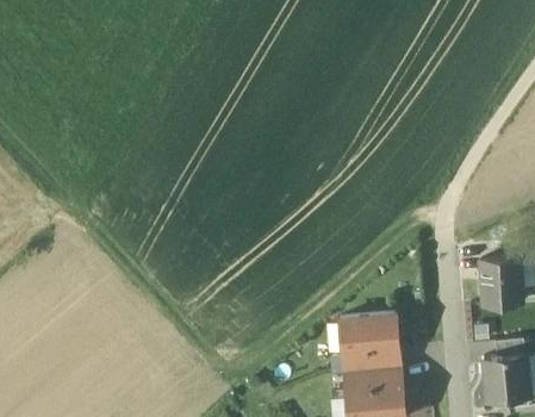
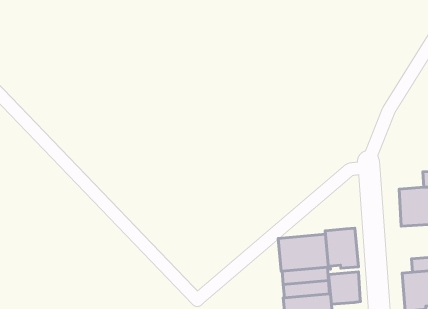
building: none -> [325,228,358,269]
building: none -> [329,272,361,304]

